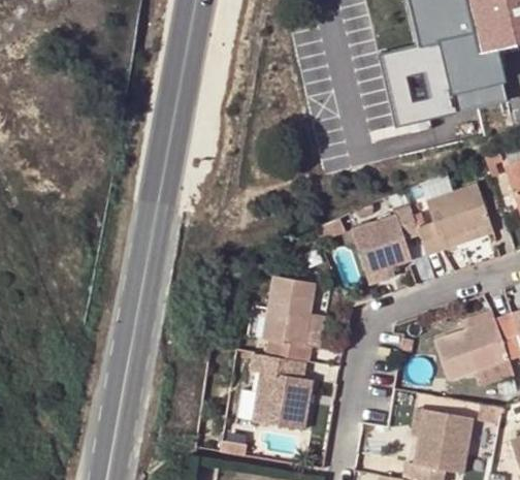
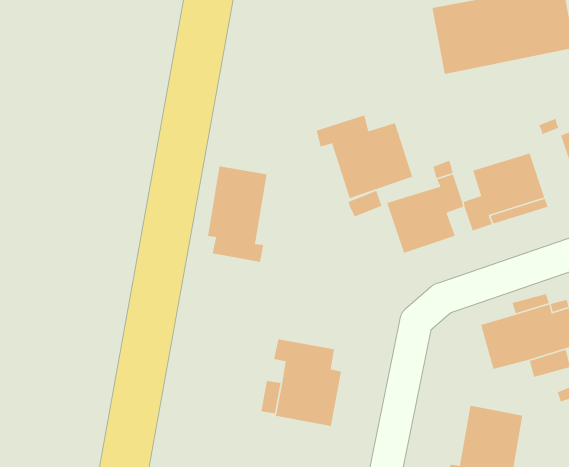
building: none -> [316,114,413,199]
building: [262,274,316,360] -> [207,166,268,263]

